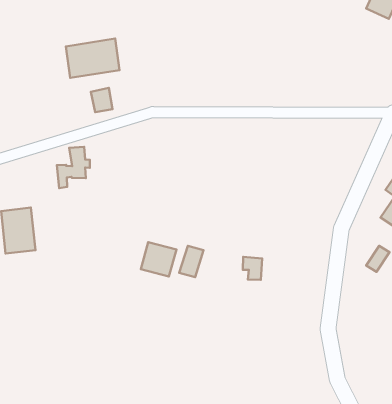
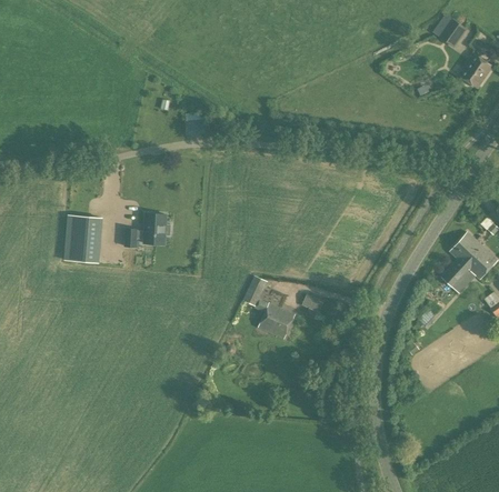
building: [66,39,120,78] -> none
building: [57,147,90,188] -> [137,211,170,248]
building: [141,242,176,276] -> [258,304,295,340]

